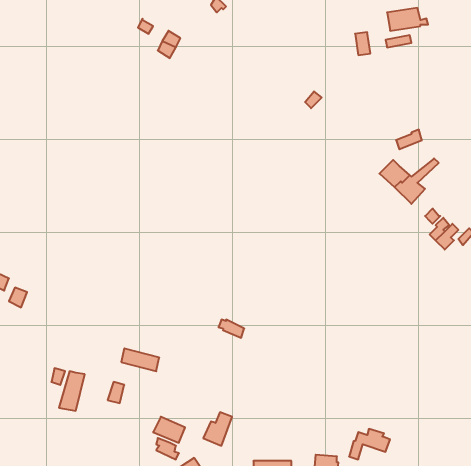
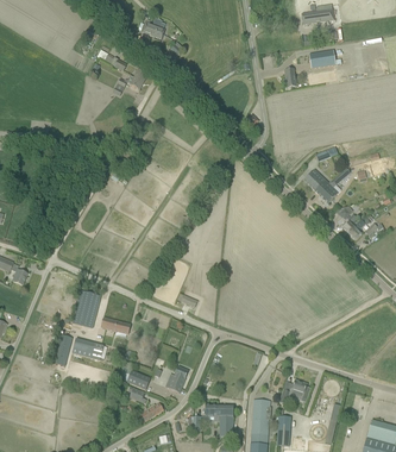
building: none -> [71,290,100,327]

